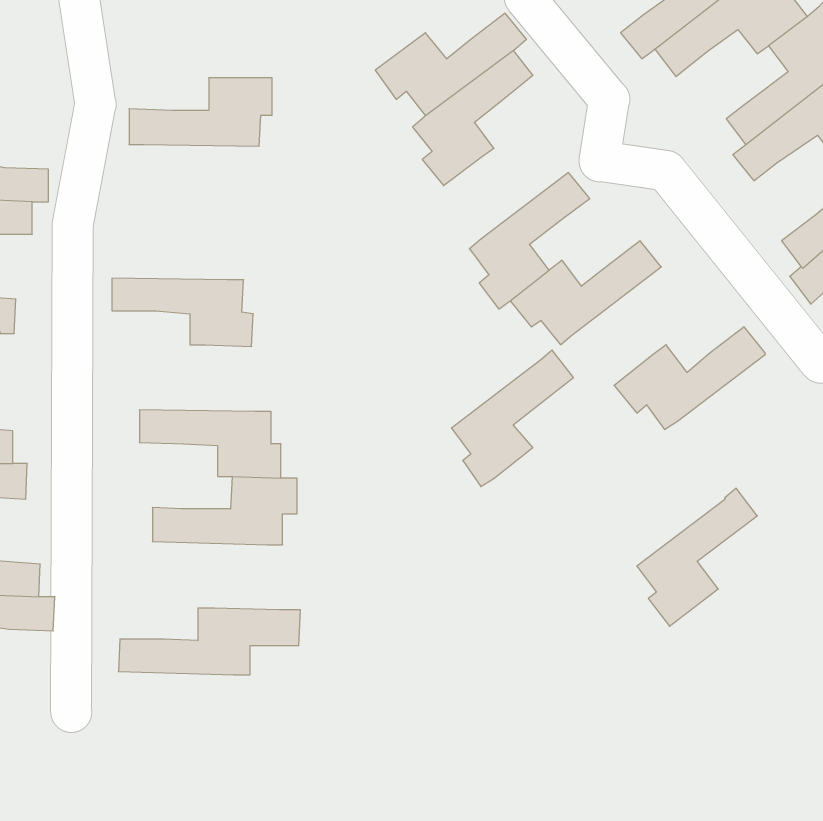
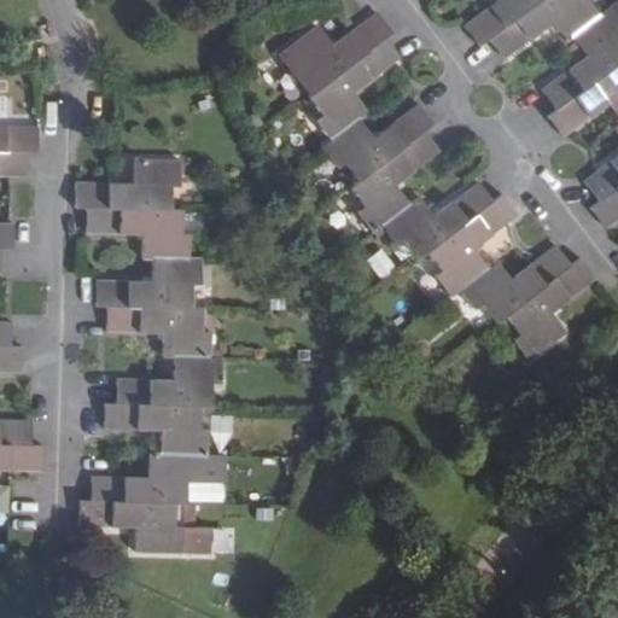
building: [129,78,272,146] -> [75,159,181,210]
building: none -> [323,104,435,180]
building: none -> [95,258,202,308]
building: [451,350,573,487] -> [427,193,518,295]
building: [637,488,757,626] -> [506,257,595,360]
building: none -> [104,403,210,455]
building: none -> [78,501,185,553]

